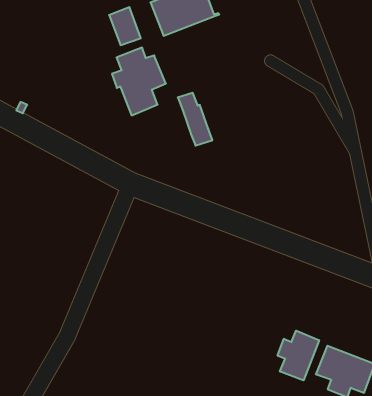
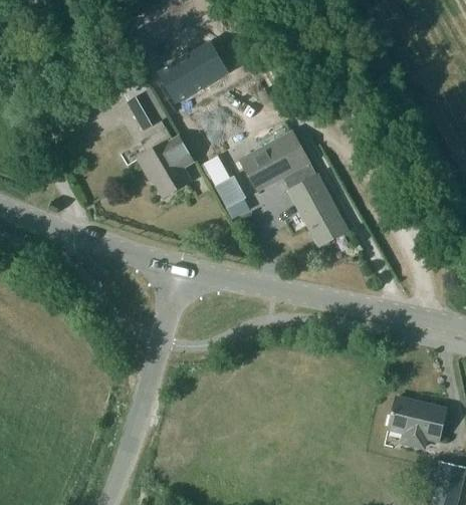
building: none -> [239,131,346,246]
building: [278,331,319,380] -> none

